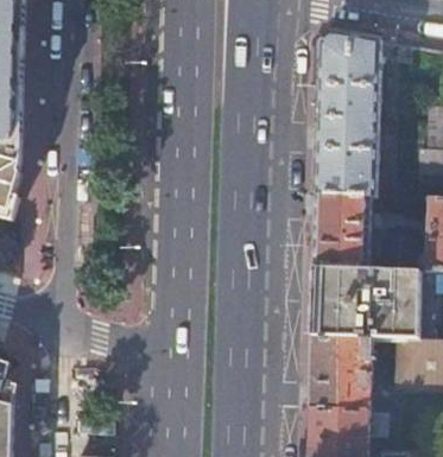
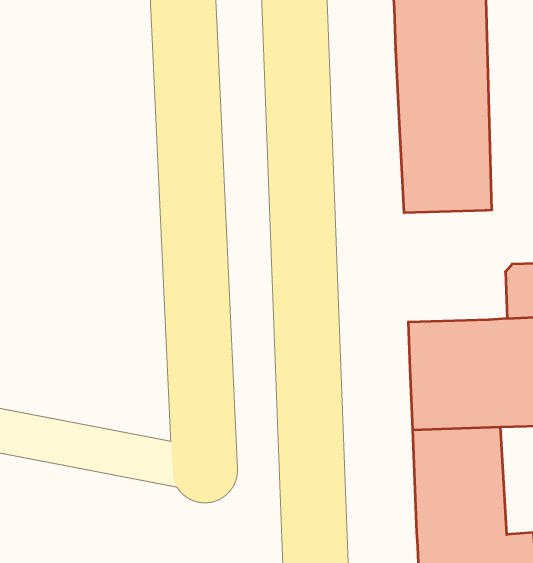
building: [315,195,372,269] -> none

